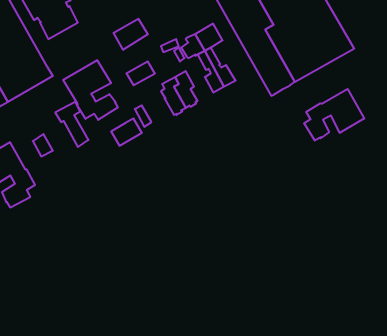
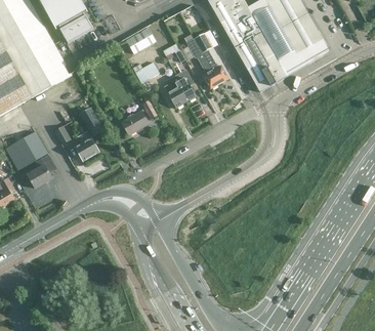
building: [63,60,118,120] -> none
building: [304,89,364,141] -> none
building: none -> [74,131,98,161]

